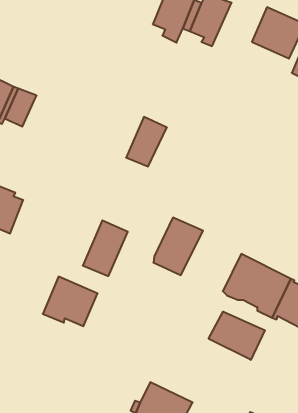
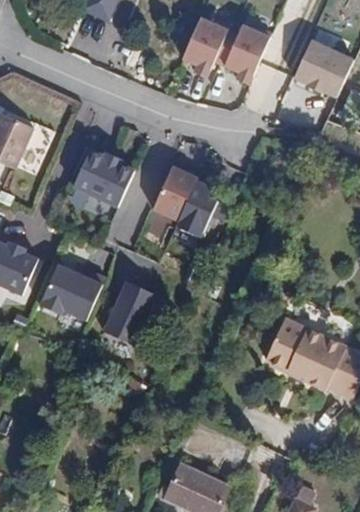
building: none -> [73,150,133,205]
building: [153,218,203,275] -> [176,175,232,240]
building: [43,277,98,326] -> [38,263,100,319]
building: [209,312,265,360] -> none

